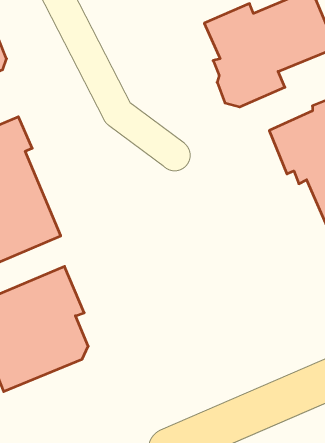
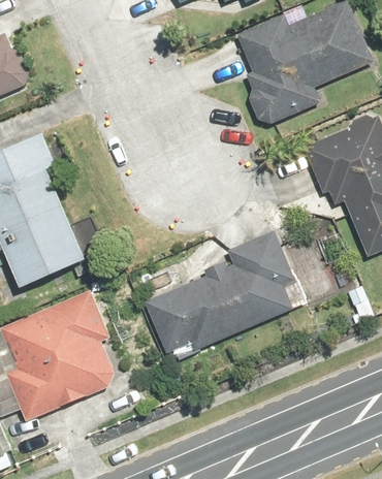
building: none -> [144,232,293,353]

